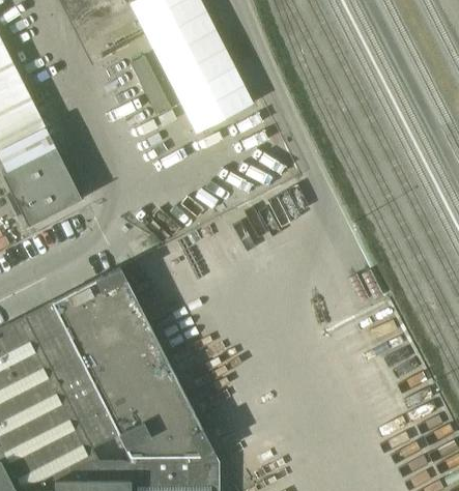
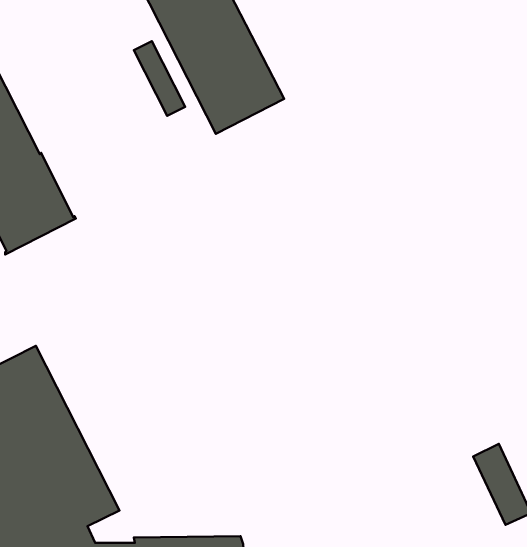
building: [51,267,216,456] -> none

